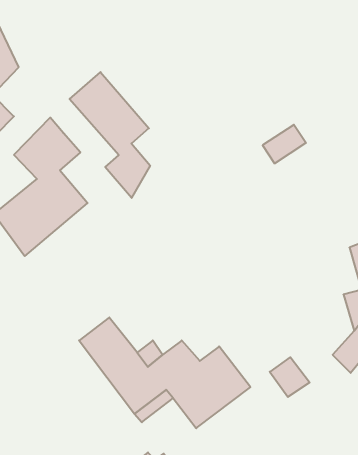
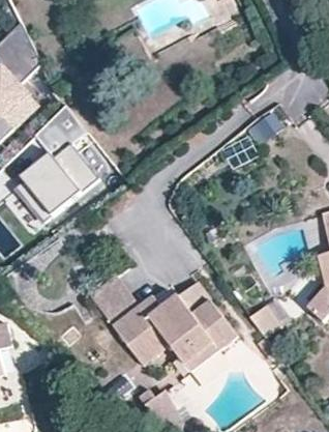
building: [70,72,150,198] -> none

